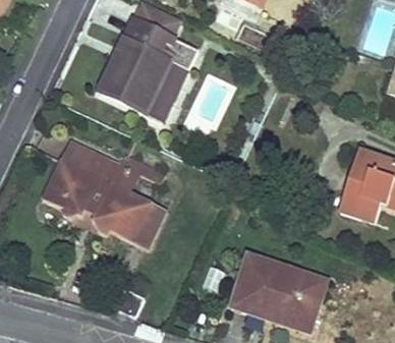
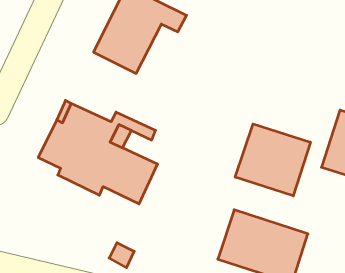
building: [145,59,188,120] -> none
building: none -> [235,124,310,196]

